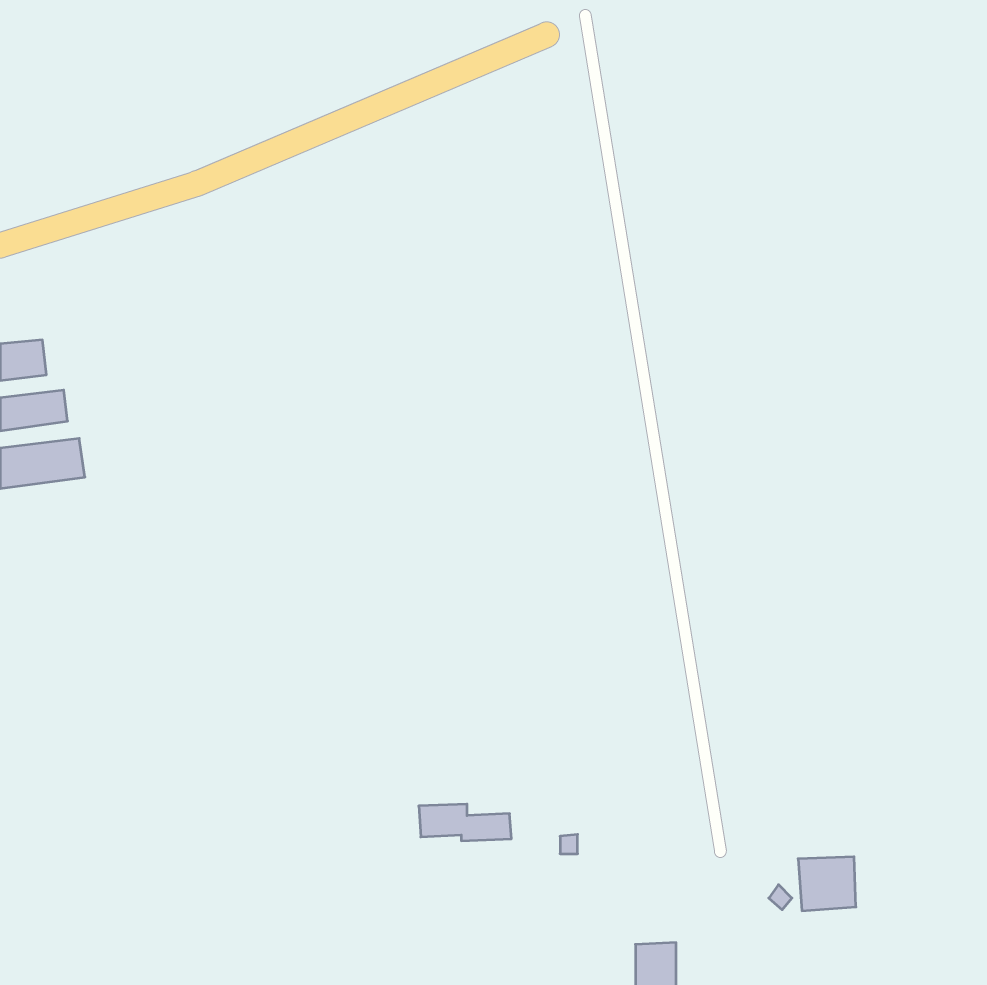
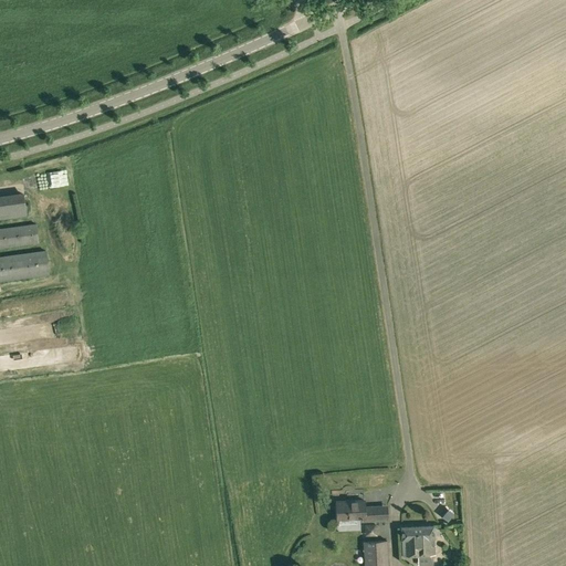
building: [419,804,511,841] -> [336,501,389,522]
building: [798,857,856,911] -> [401,526,434,557]

